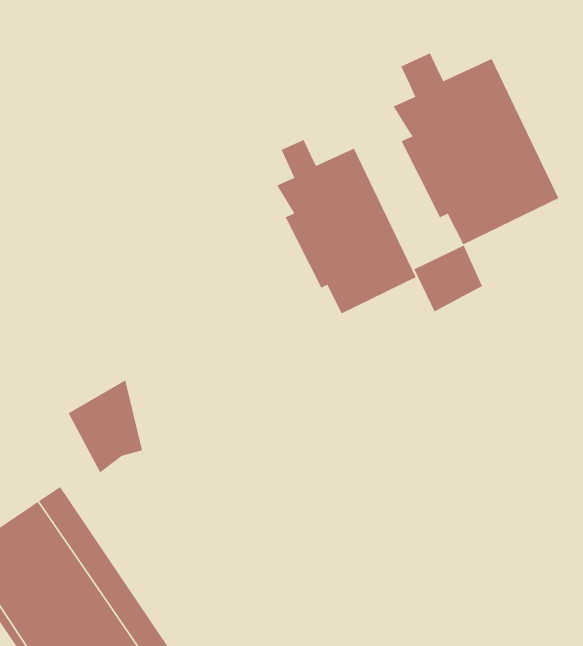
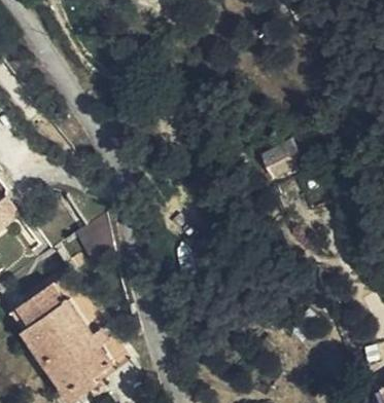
building: [393,53,559,245] -> none
building: [277,139,416,314] -> none

